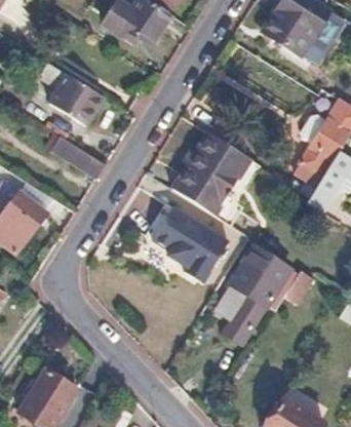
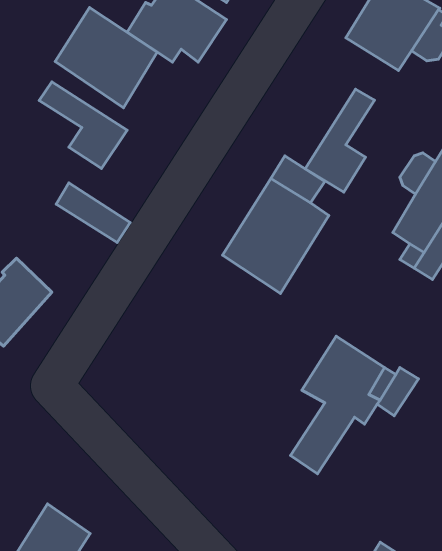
building: none -> [55,8,157,108]
building: none -> [305,89,375,192]
building: [152,205,228,281] -> none

